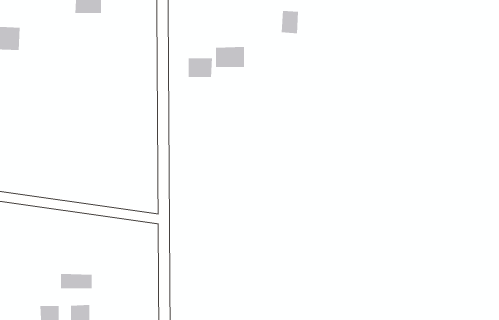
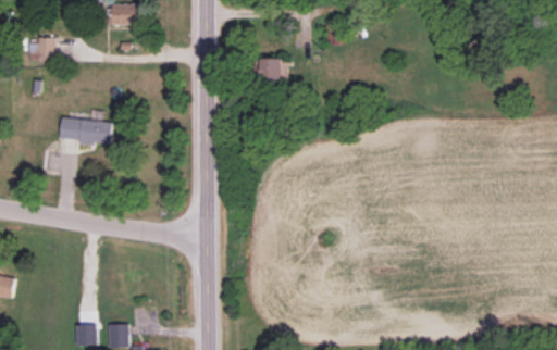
building: [188,58,213,78] -> none
building: none -> [60,120,112,143]
building: [61,273,92,289] -> none

